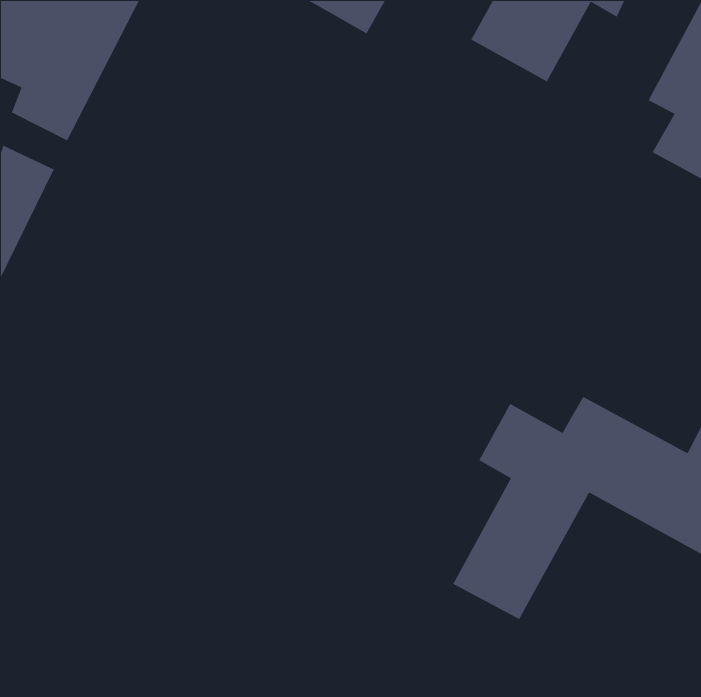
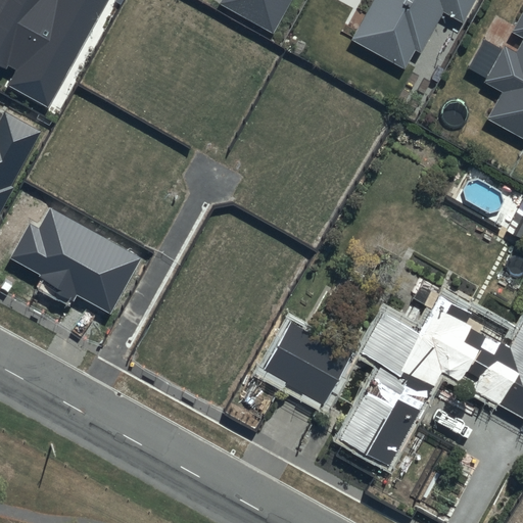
building: none -> [11,212,142,318]
building: none -> [257,316,349,400]

